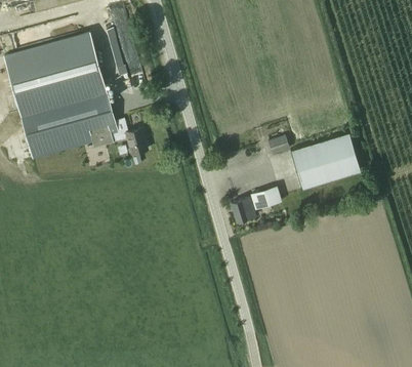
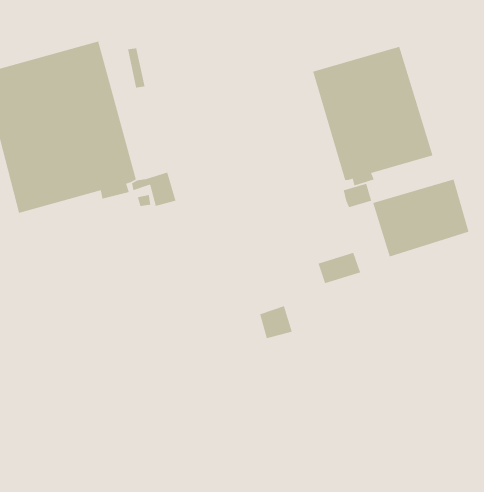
building: none -> [312,46,433,186]
building: [230,197,254,221] -> [259,305,293,339]

